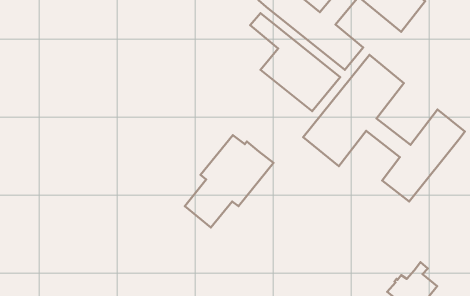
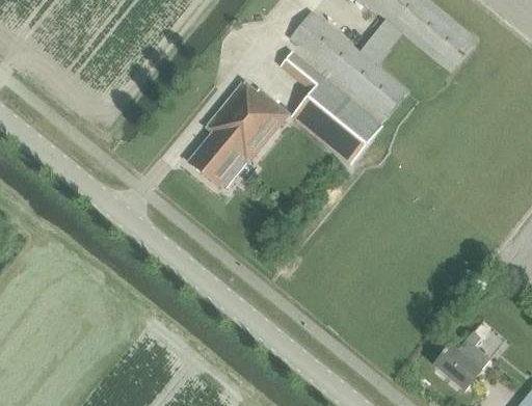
building: [303,55,465,202] -> none
building: [185,135,274,228] -> [189,81,289,185]

